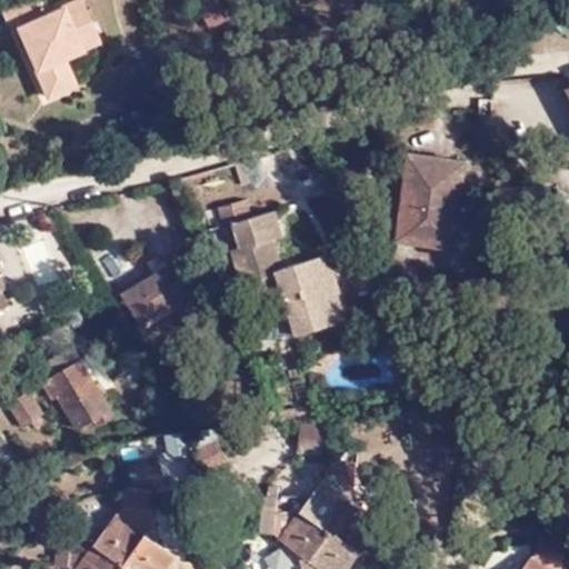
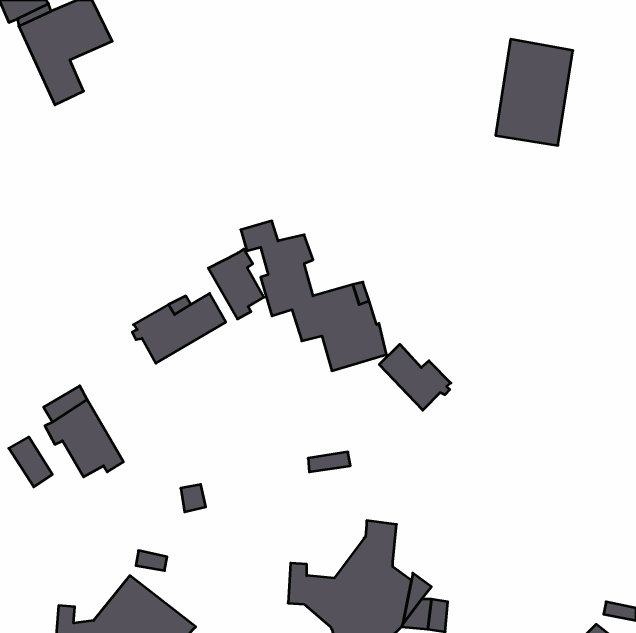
building: [397,156,466,250] -> [496,39,573,145]
building: none -> [208,249,264,319]
building: none -> [379,344,451,410]

